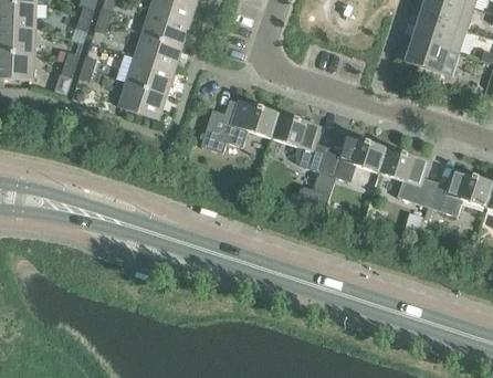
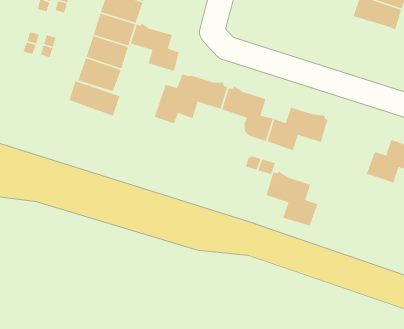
building: [405,39,459,86] -> none
building: none -> [130,23,180,72]
building: none -> [68,80,120,117]
building: [379,147,436,207] -> [266,171,318,227]

